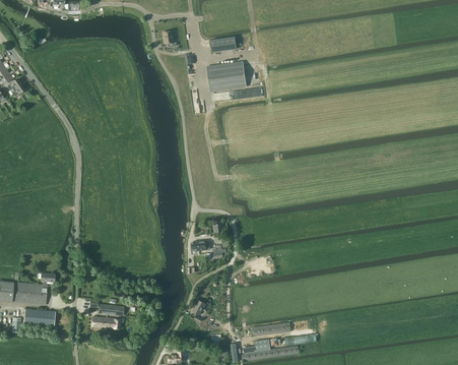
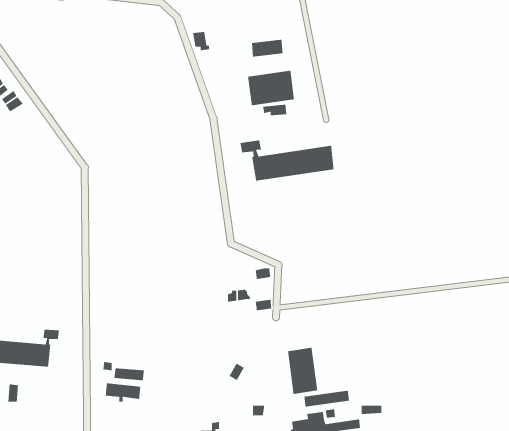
building: none -> [239,140,335,181]
building: none -> [287,347,318,395]
building: [23,308,55,325] -> none

